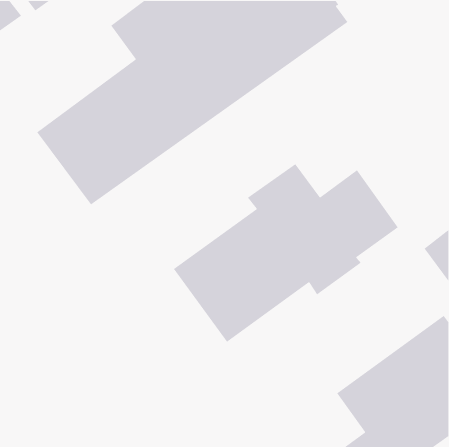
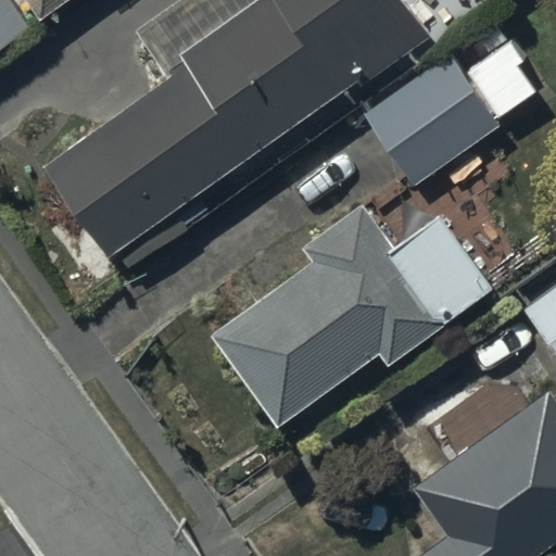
building: none -> [362,24,534,188]

